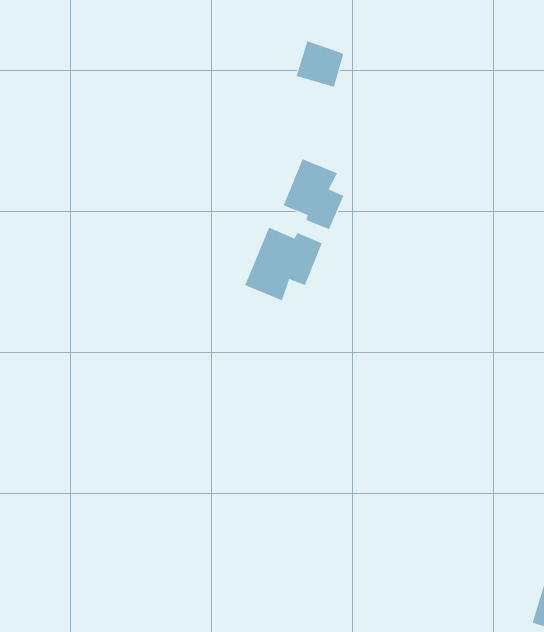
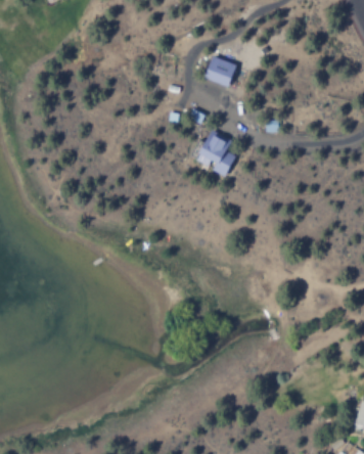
building: [245,227,322,301] -> none

